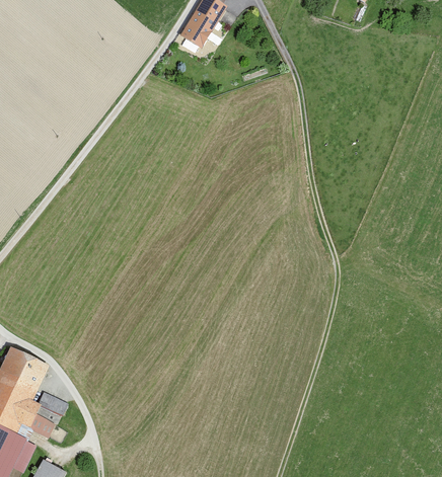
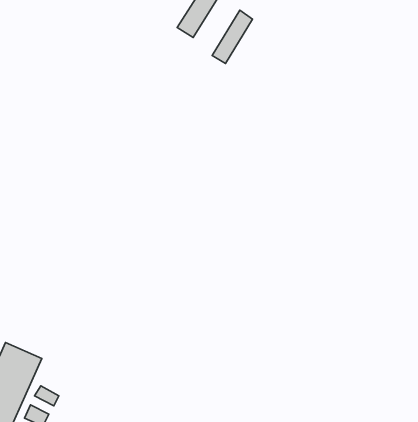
building: none -> [212,10,253,64]

